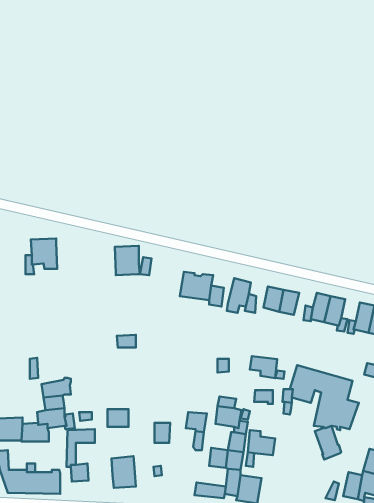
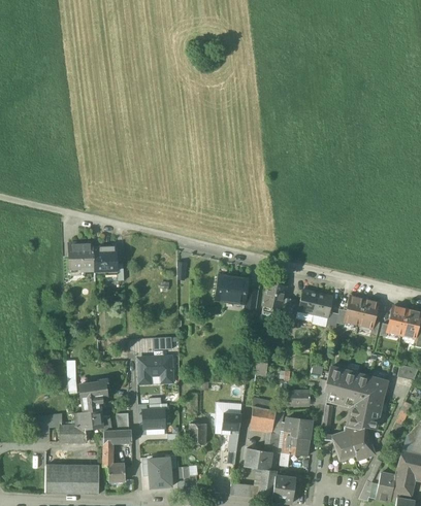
building: [115,246,140,275] -> [94,245,119,274]
building: none -> [139,357,173,383]
building: [250,356,277,378] -> [285,417,312,439]
building: none -> [333,426,357,460]

